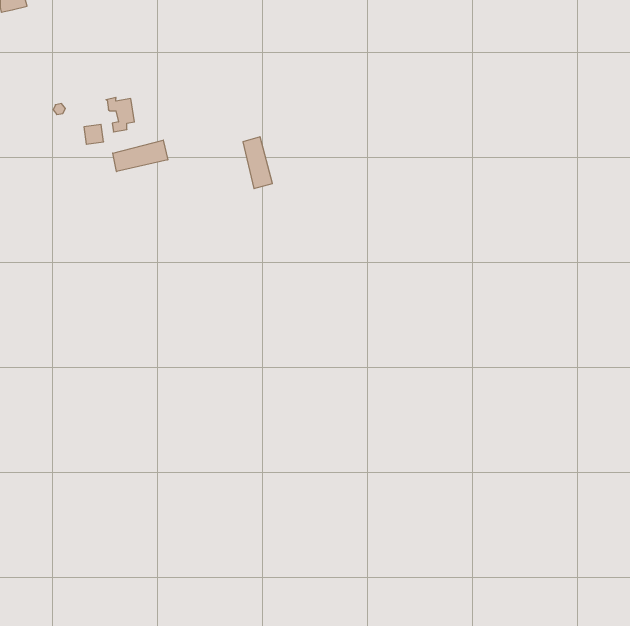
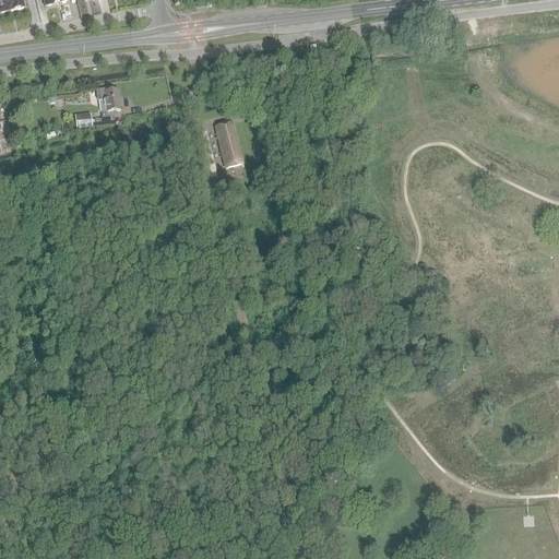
building: [113,140,168,172] -> none

